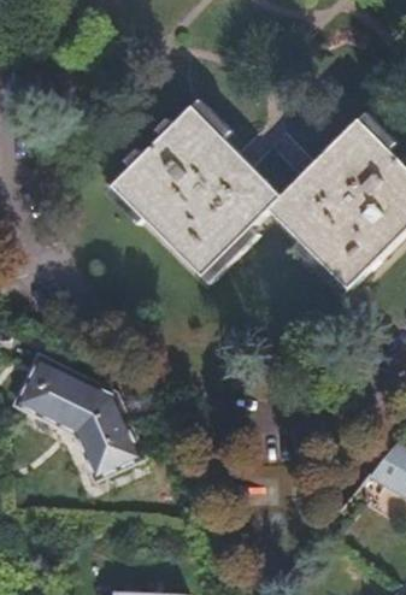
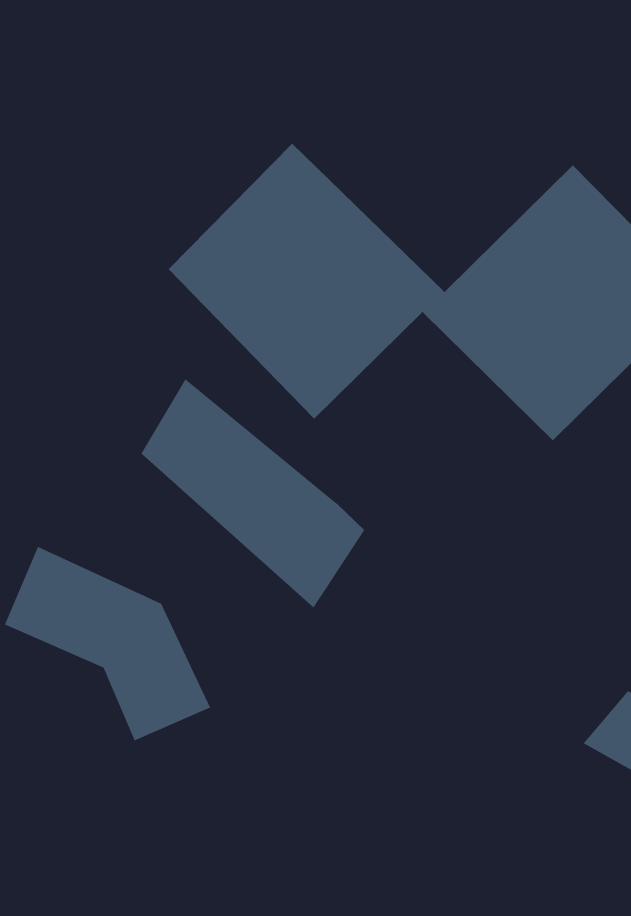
building: none -> [141,378,365,608]

